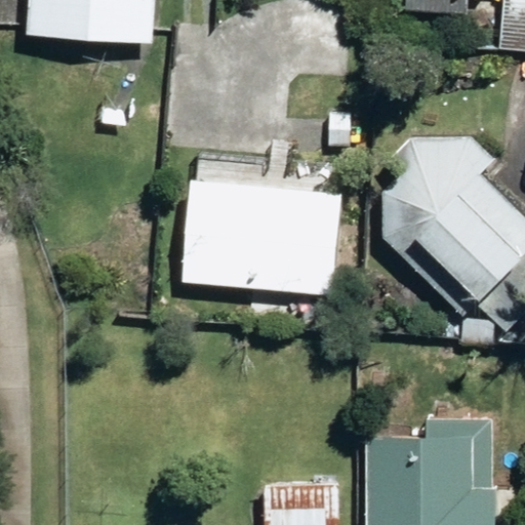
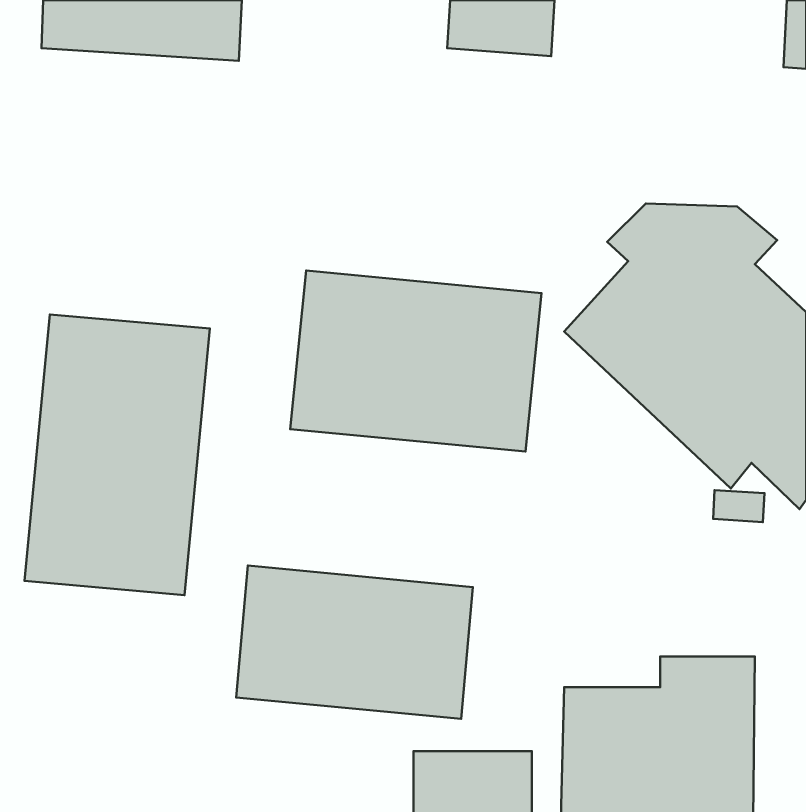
building: none -> [24,314,210,595]
building: none -> [236,566,473,719]

